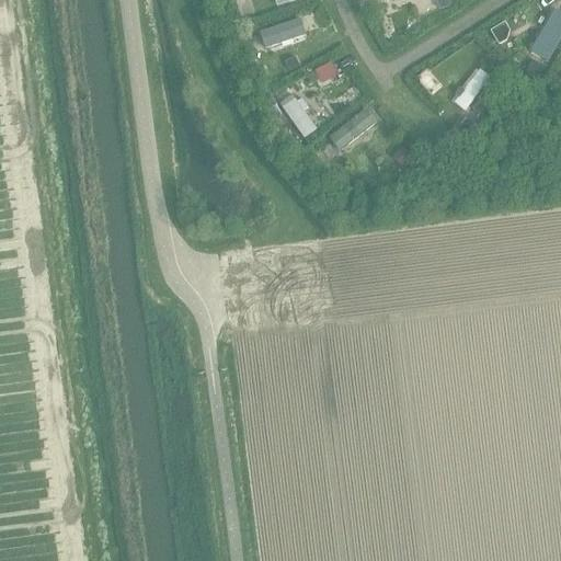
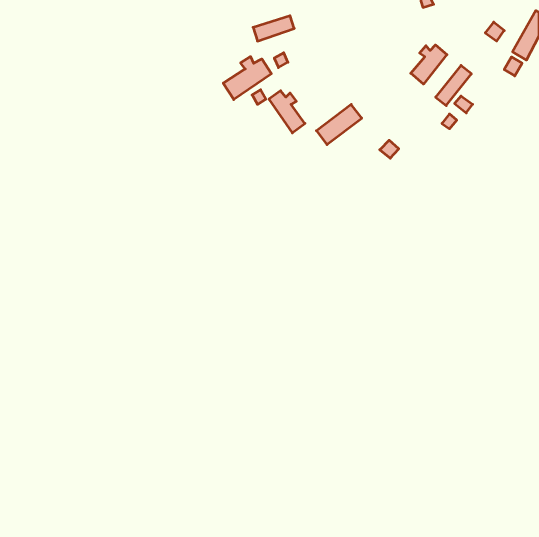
building: none -> [411,45,447,84]
building: none -> [223,57,271,100]

